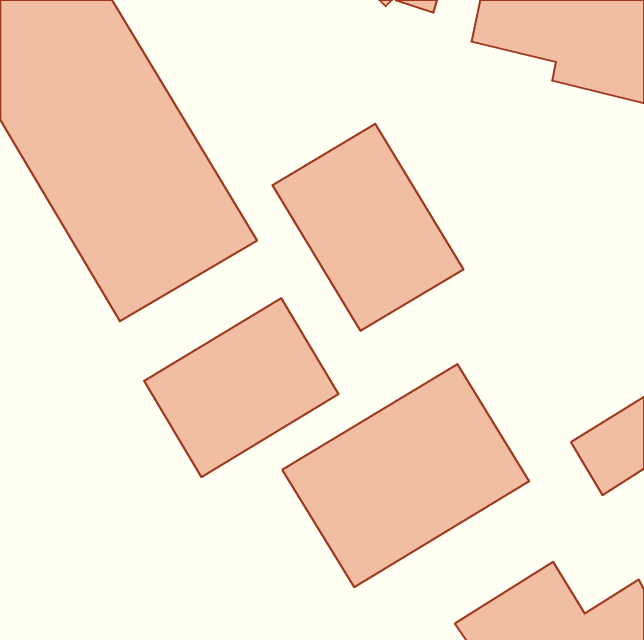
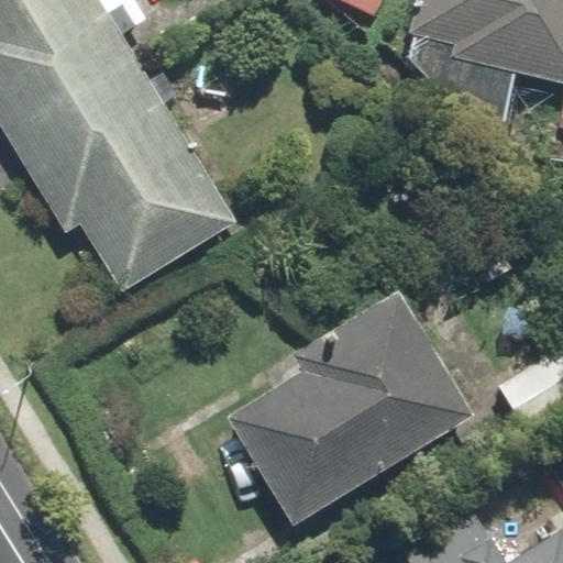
building: [272,124,463,331] -> none
building: [144,298,338,477] -> none

